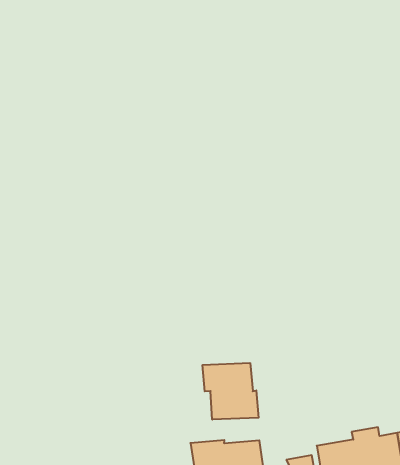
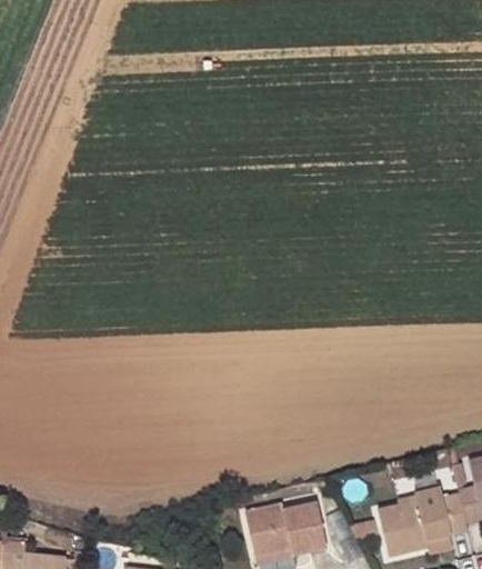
building: [203,363,259,420] -> none

